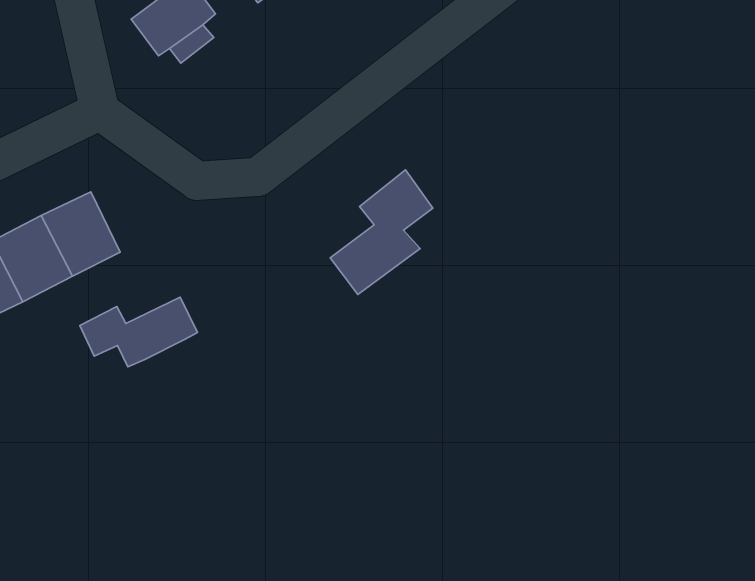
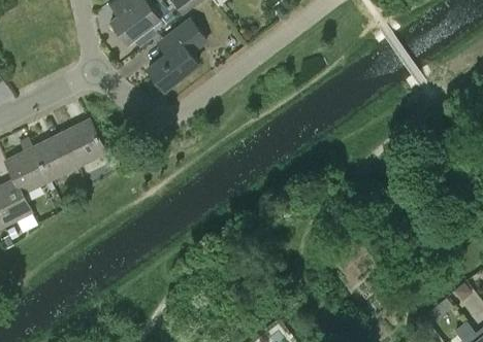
building: [330,170,433,294] -> [147,21,204,91]
building: [80,297,197,367] -> none

